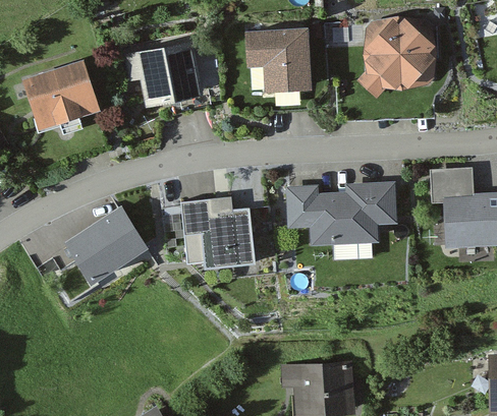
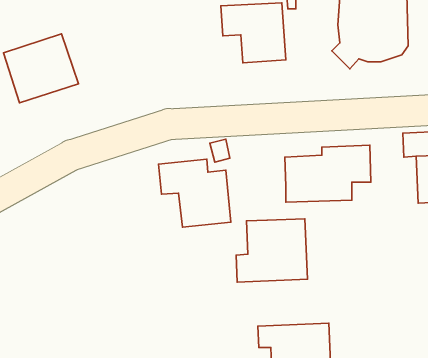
building: [124,52,201,115] -> none
building: [288,186,311,224] -> none
building: [66,205,145,277] -> none
building: none -> [236,219,308,282]

